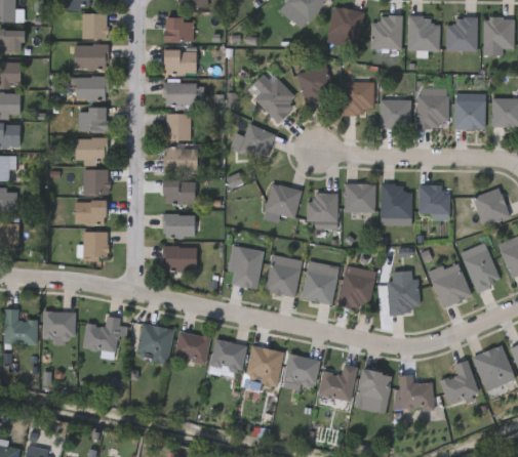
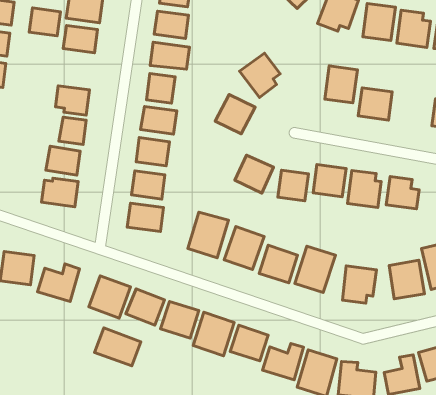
building: [297,66,333,105] -> none
building: [417,88,447,126] -> none
building: [78,107,107,131] -> [29,8,61,36]
building: none -> [94,328,141,366]

